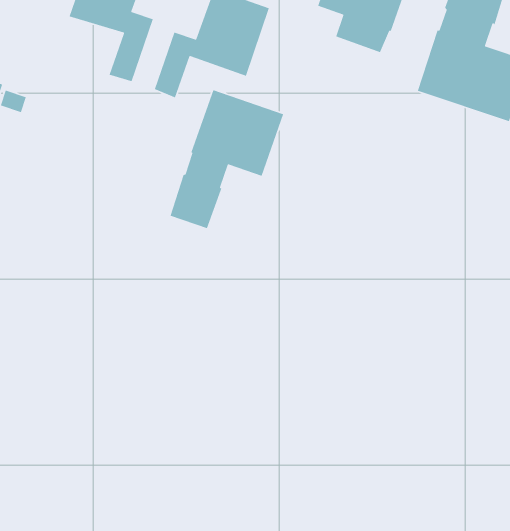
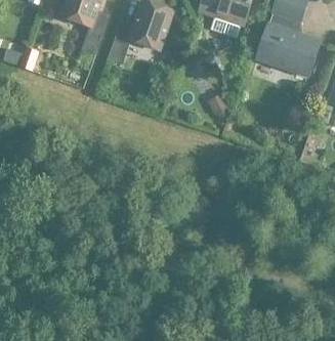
building: [170,89,284,229] -> none

